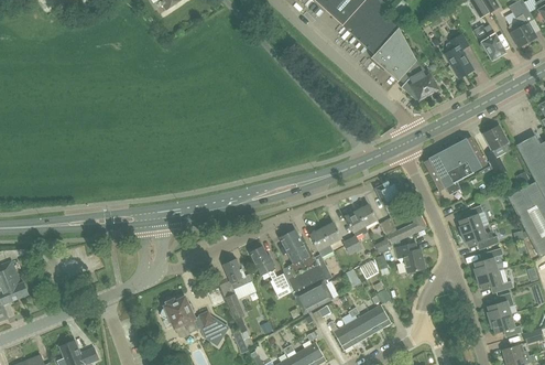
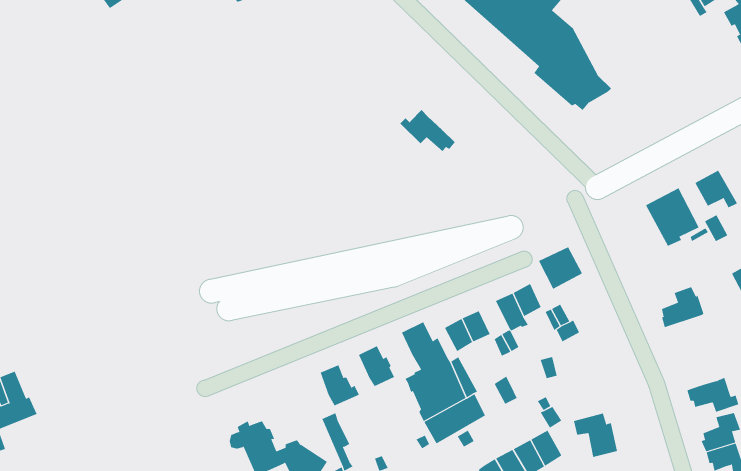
building: [479,24,505,58] -> none
building: [444,33,473,78] -> none
building: [402,71,437,100] -> none
building: none -> [399,109,455,152]
building: [424,149,464,194] -> none
building: [461,225,500,248] -> none
building: [394,241,425,272] -> [573,413,618,457]
building: [473,247,503,277] -> none

